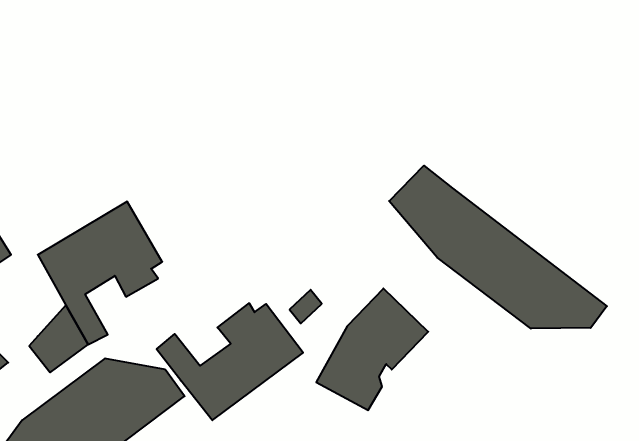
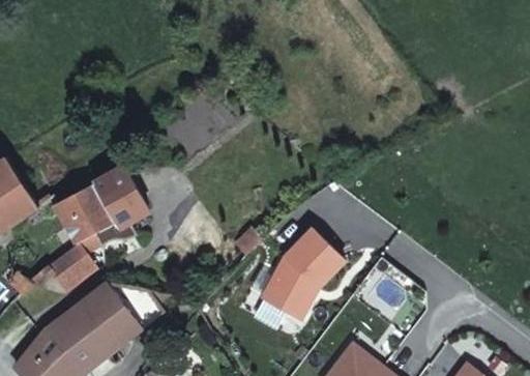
building: [389,166,607,329] -> none
building: [157,303,303,420] -> none

